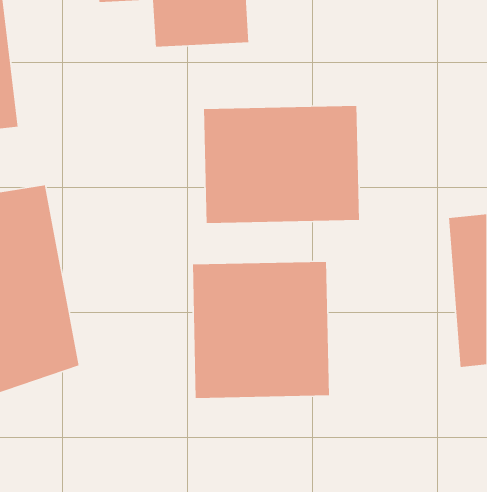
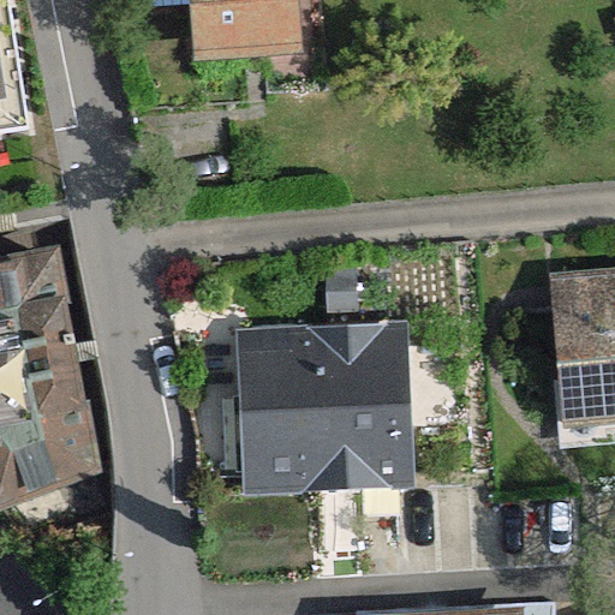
building: [203,105,360,224] -> none

